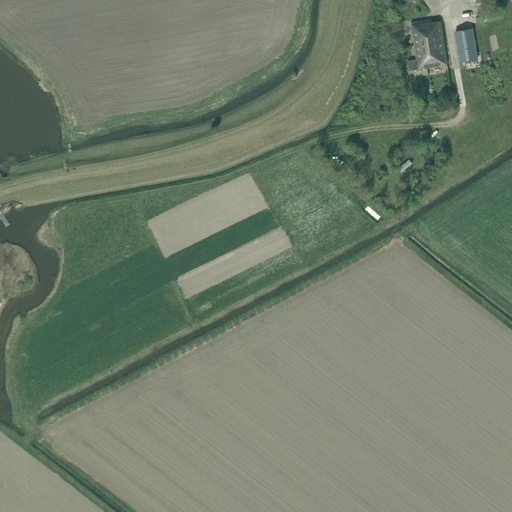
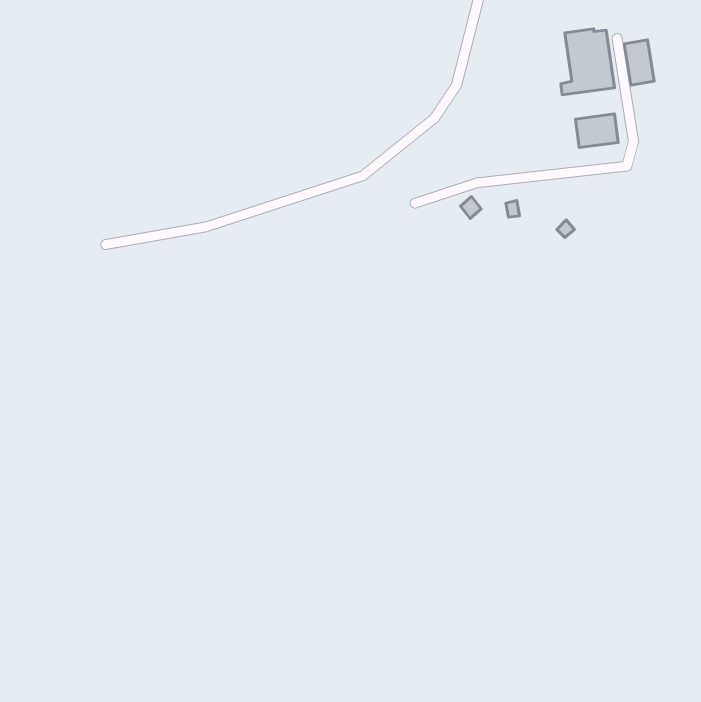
building: none -> [576,114,618,148]

